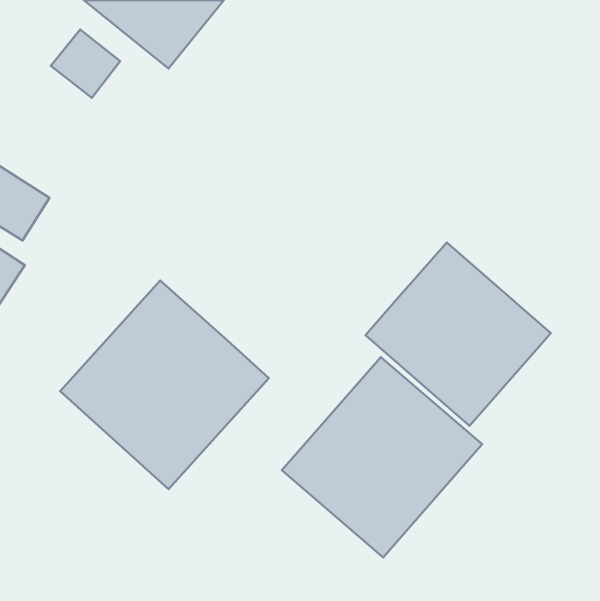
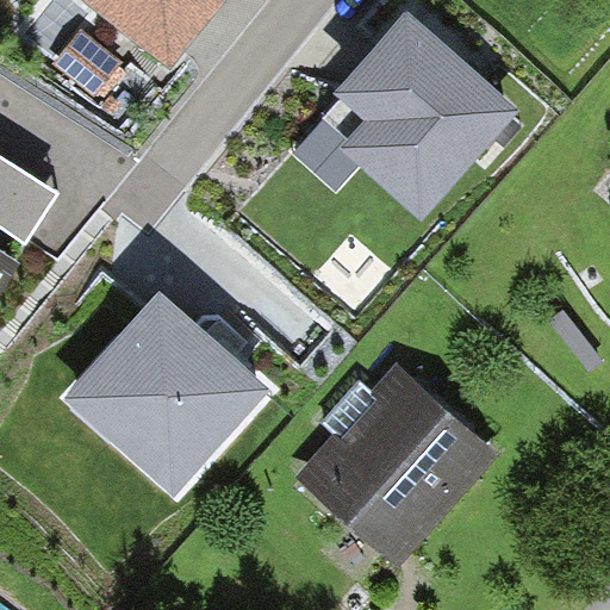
building: none -> [336,10,519,217]
building: [365,242,551,426] -> none

